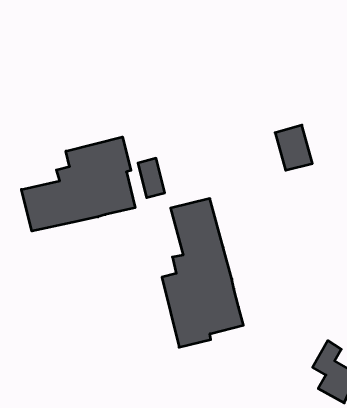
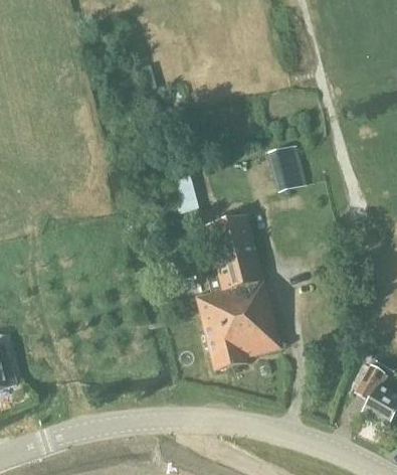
building: [275,125,312,170] -> [267,145,307,192]
building: [21,137,135,231] -> none

